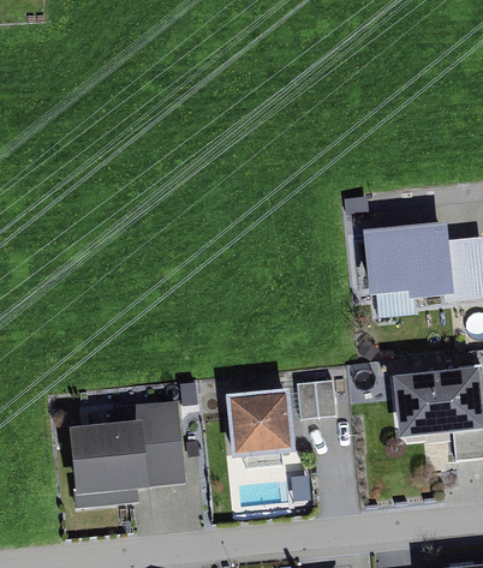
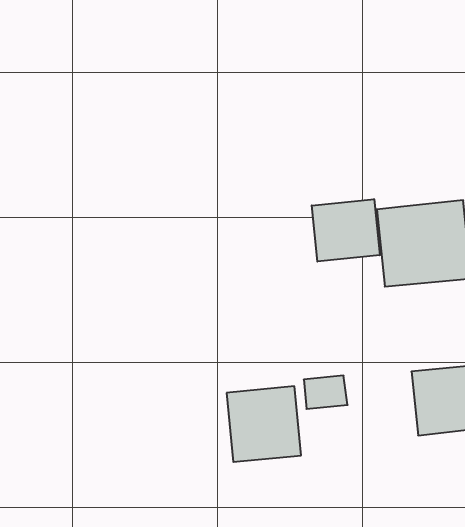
building: none -> [312,199,380,262]
building: [71,402,183,494] -> none

